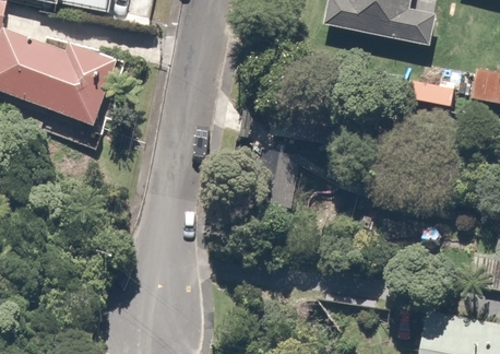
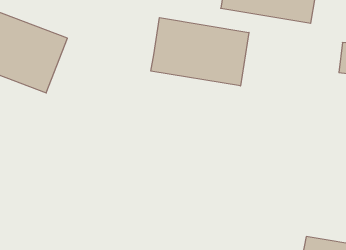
building: none -> [151,18,249,86]

